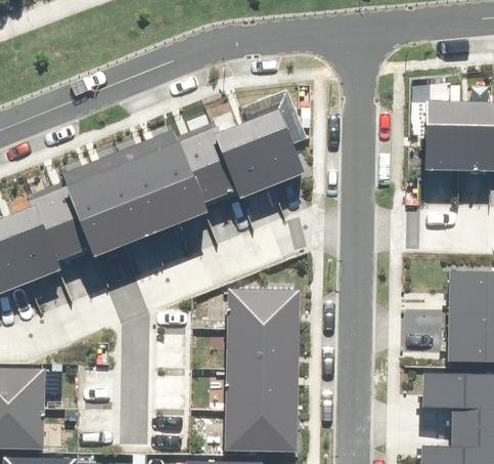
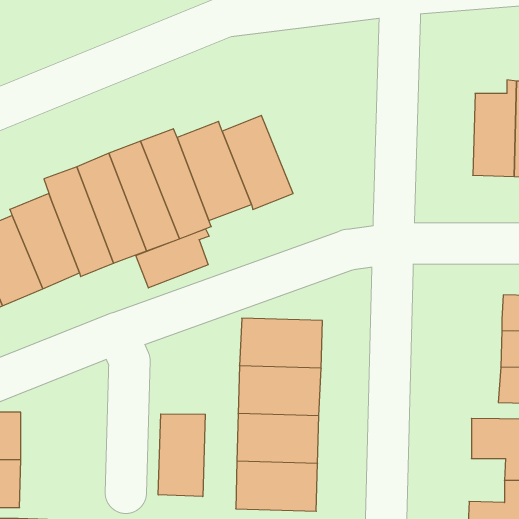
building: [248,108,305,185] -> none
building: none -> [136,229,209,288]
building: none -> [158,414,205,497]

